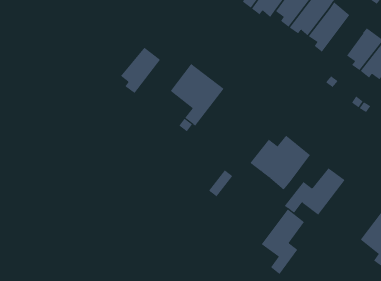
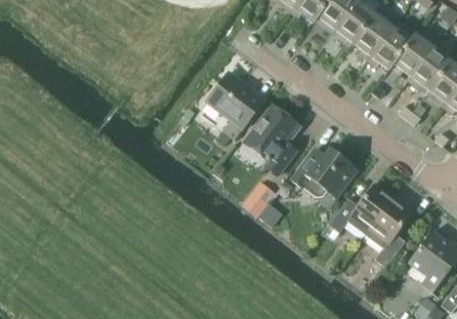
building: none -> [369,19,416,69]
building: [120,47,161,94] -> none
building: none -> [245,104,300,174]
building: [261,209,305,275] -> [365,196,412,267]

